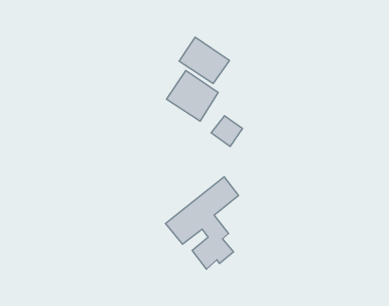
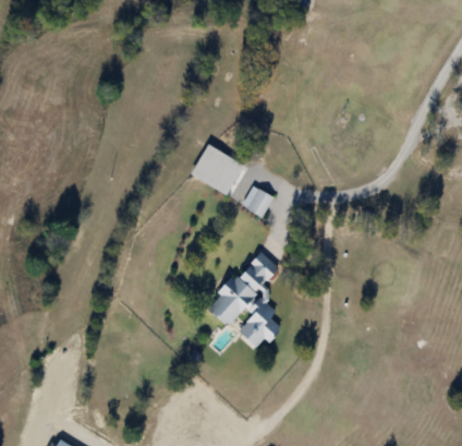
building: [179,37,230,84] -> none

